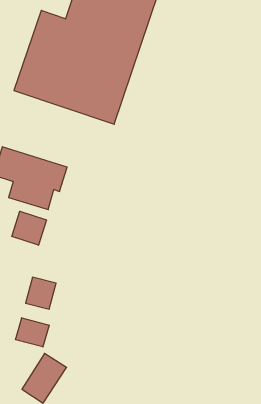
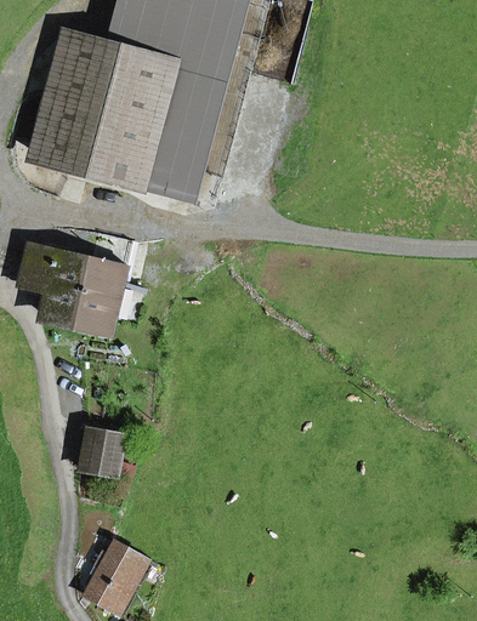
building: [12,211,46,245] -> none
building: [16,318,49,347] -> none

